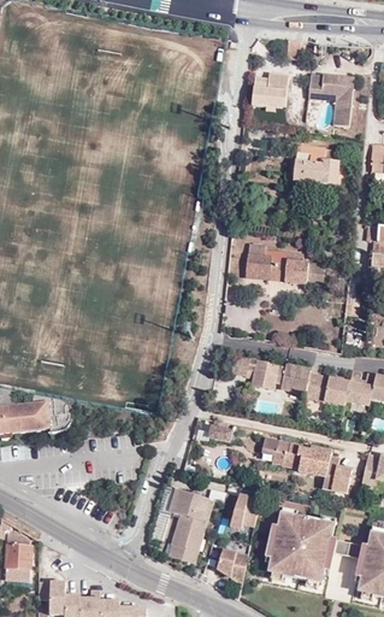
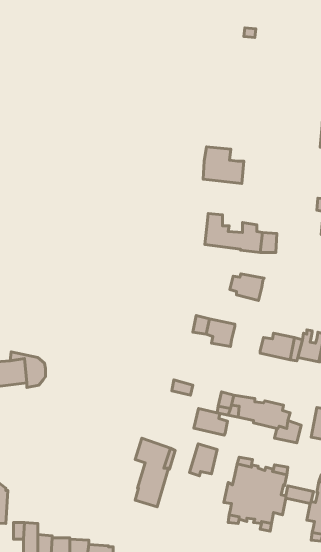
building: [252,74,289,107] -> none
building: [308,75,353,128] -> none
building: [294,146,338,186] -> [203,147,244,183]
building: [274,364,312,393] -> [230,274,264,300]
building: none -> [194,409,227,435]
building: [217,550,247,582] -> none

